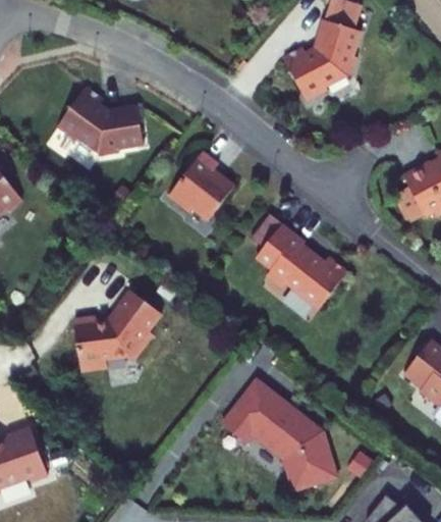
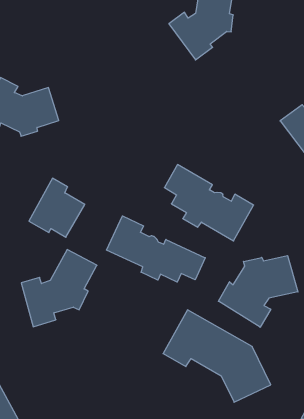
building: [169,152,234,220] -> [29,178,85,237]
building: none -> [107,216,205,282]
building: none -> [218,256,298,327]

